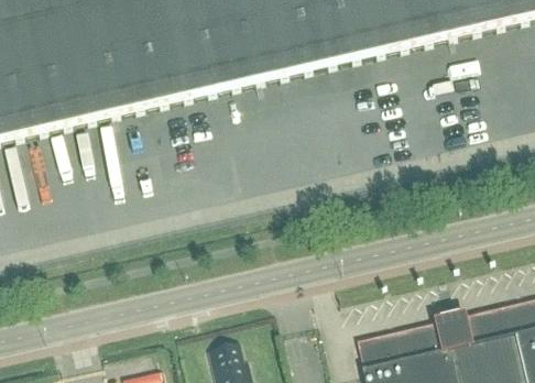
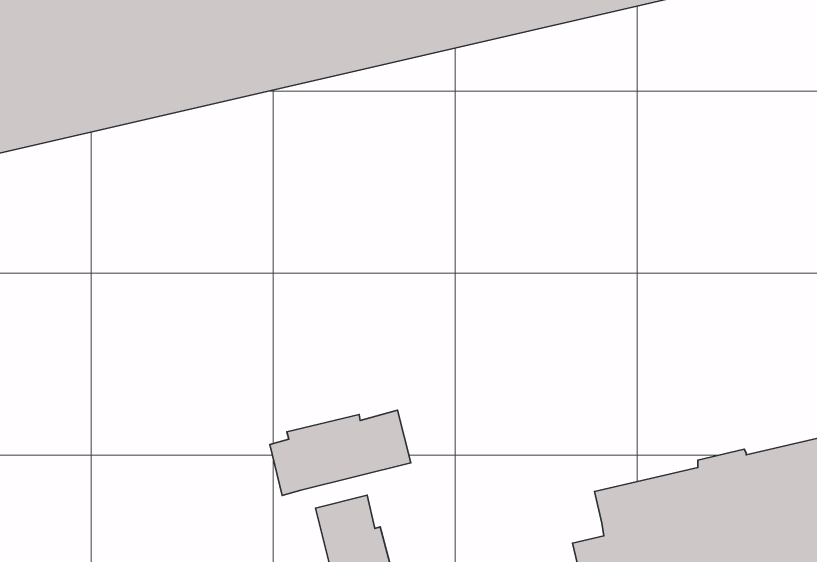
building: none -> [270,410,411,495]

